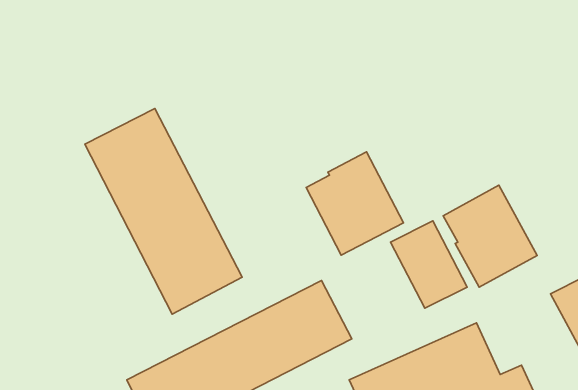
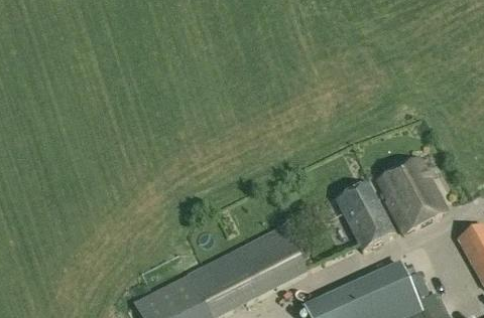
building: [85,109,242,314] -> none
building: [306,152,404,255] -> none

